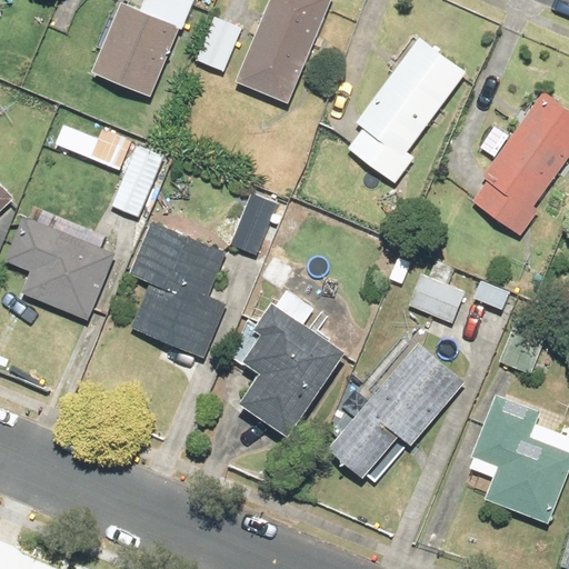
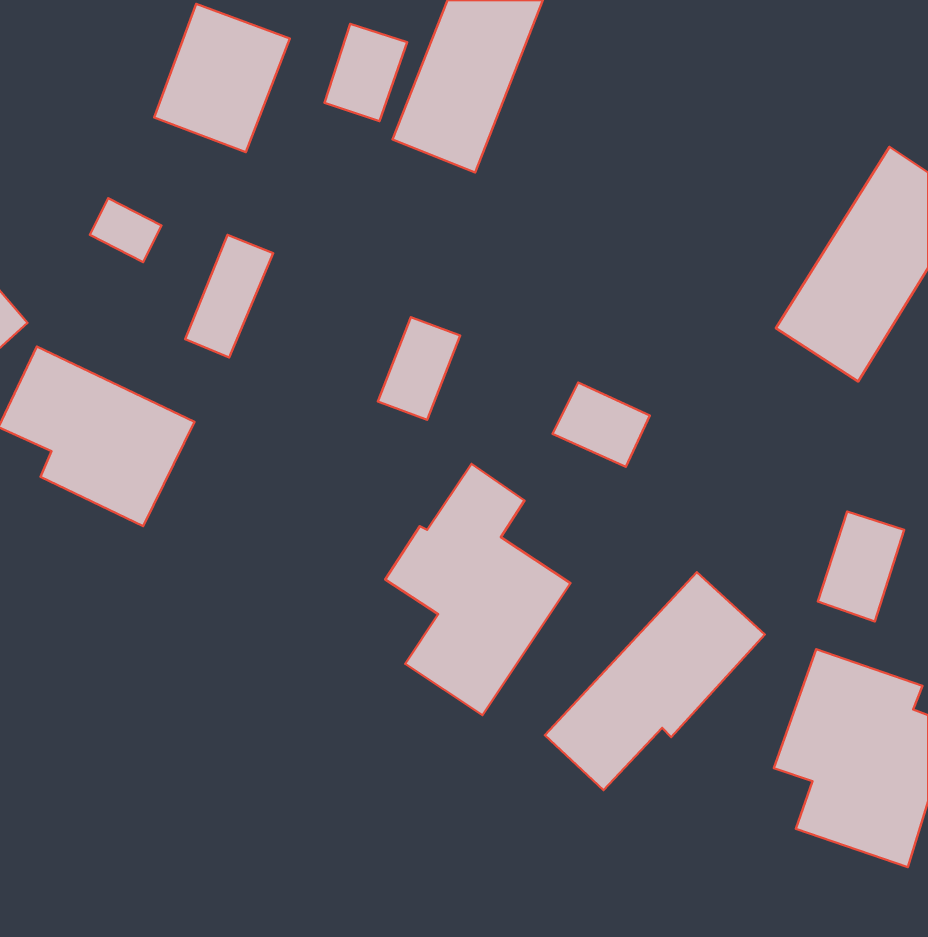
building: [350,38,468,182] -> none
building: [124,220,228,359] -> none
building: [406,271,465,322] -> [553,382,650,467]

